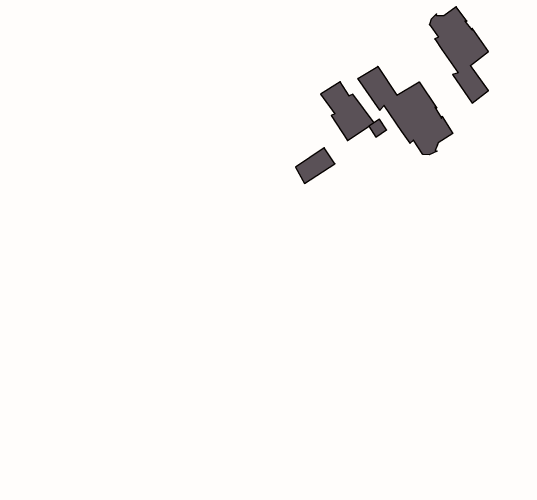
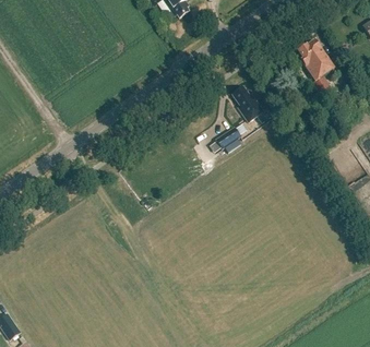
building: [358,66,453,155] -> none

